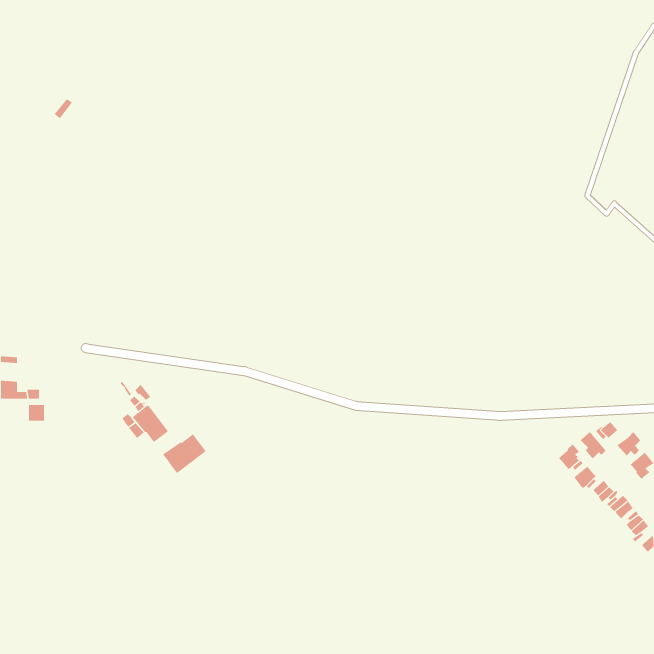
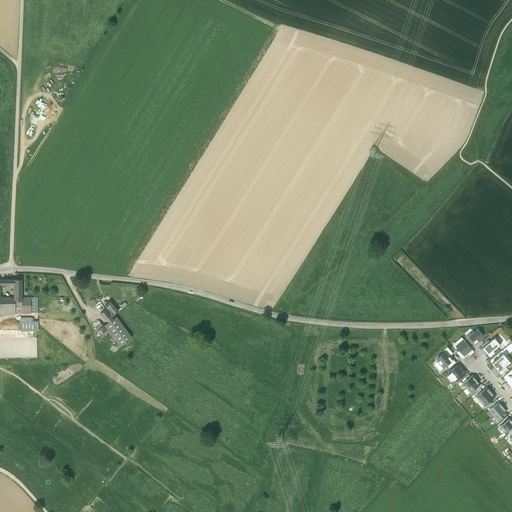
building: [162,434,207,474] -> none

